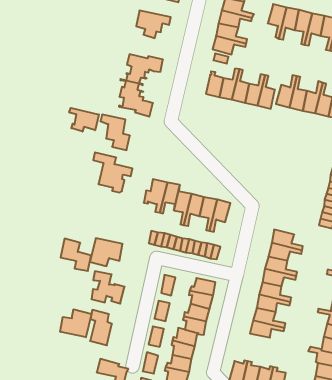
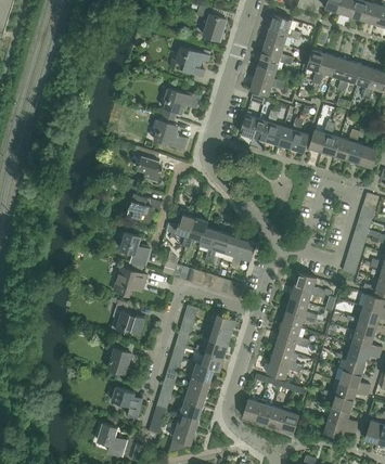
building: [69,108,99,132] -> none
building: [61,239,91,271] -> [119,232,150,266]
building: [60,309,92,337] -> none

